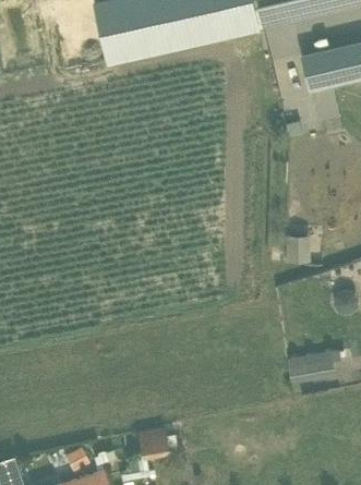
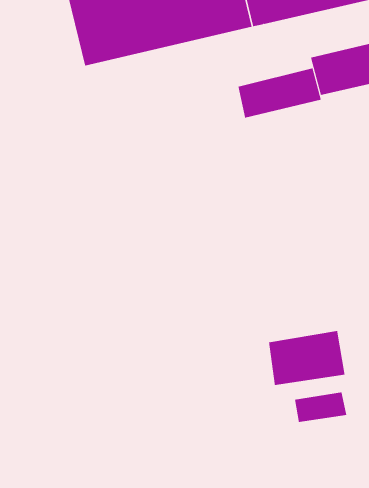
building: none -> [238,68,321,118]
building: none -> [268,330,345,386]

